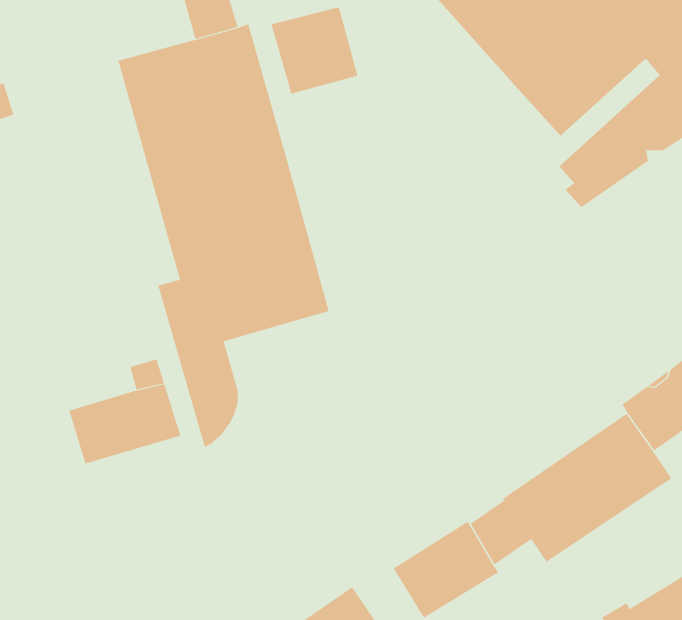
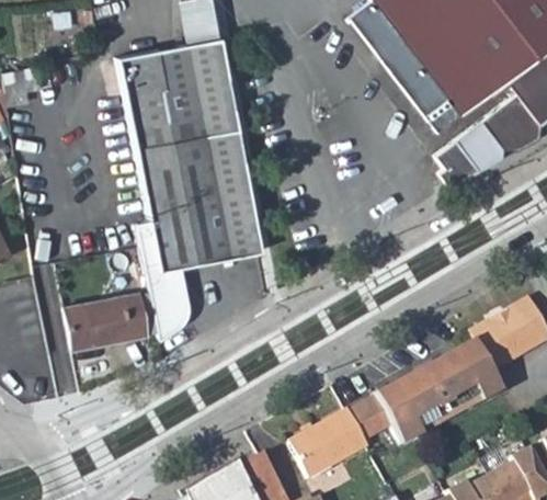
building: [271,6,358,95] -> none

